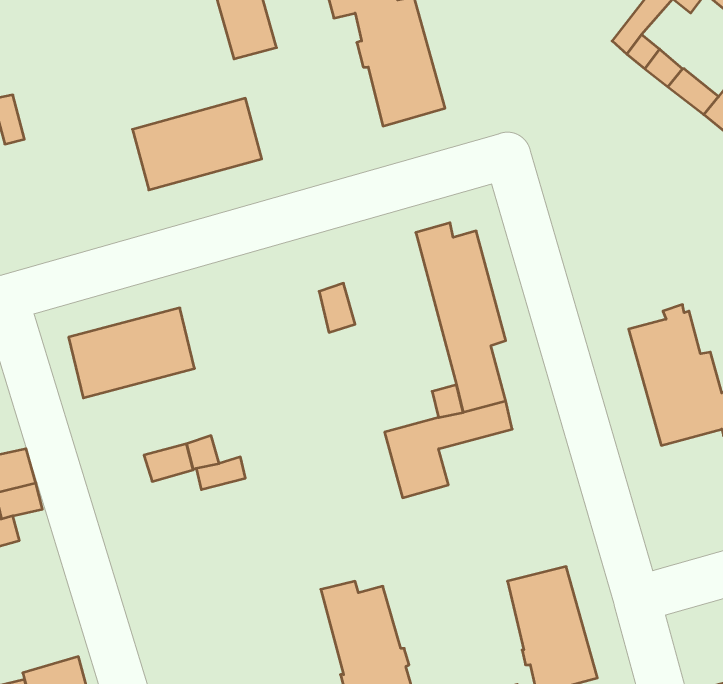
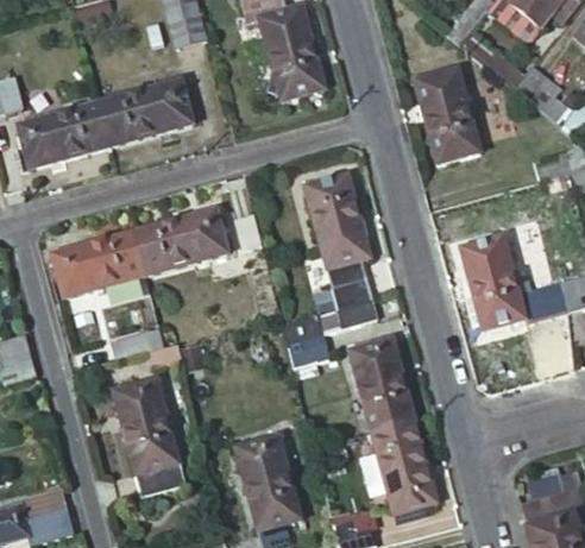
building: none -> [411,63,480,164]
building: none -> [17,102,109,169]
building: none -> [132,209,228,276]
building: none -> [348,339,413,430]
building: none -> [109,372,184,496]

